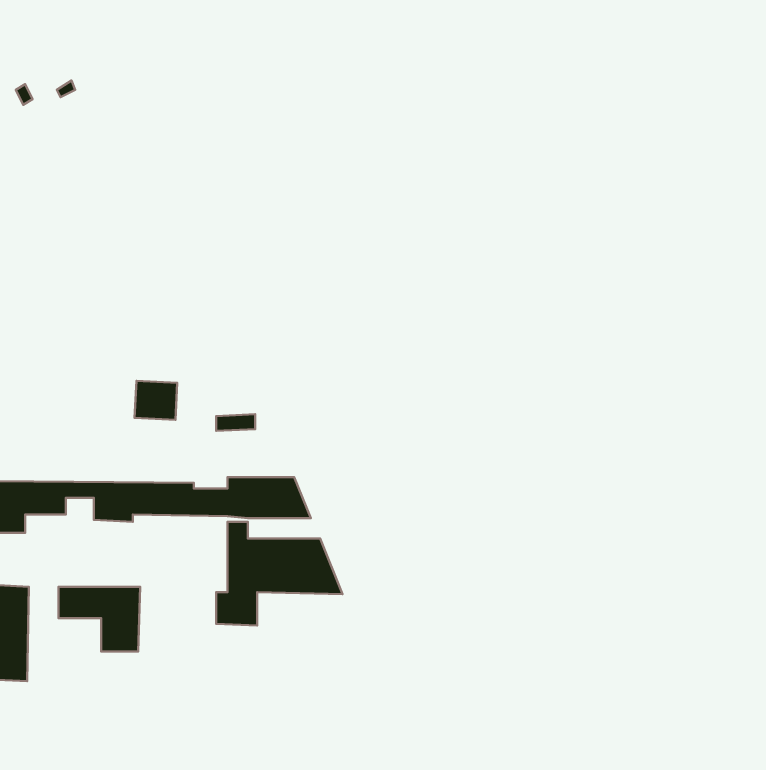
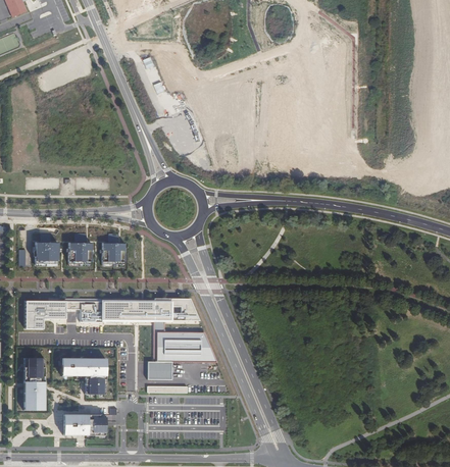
building: none -> [37,244,59,264]
building: none -> [69,244,92,265]
building: none -> [62,414,104,434]

